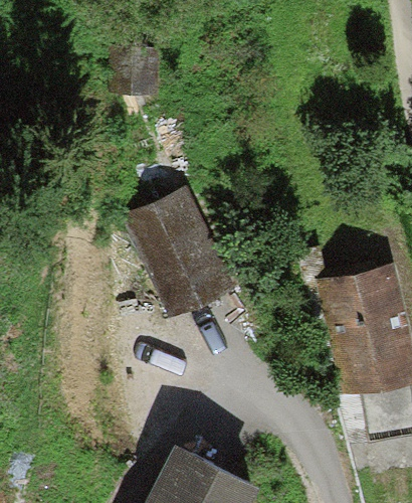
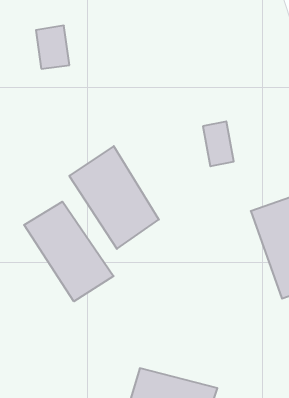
building: none -> [24,202,114,301]

